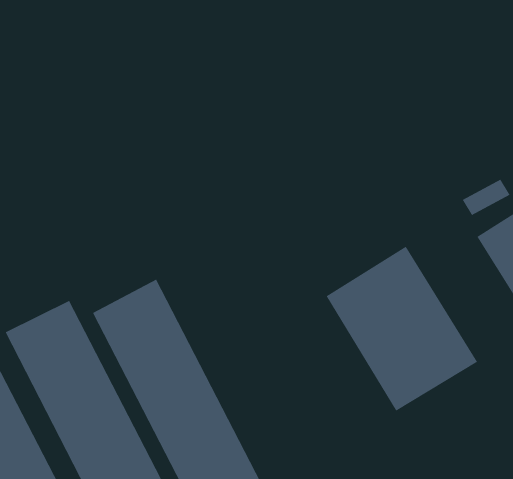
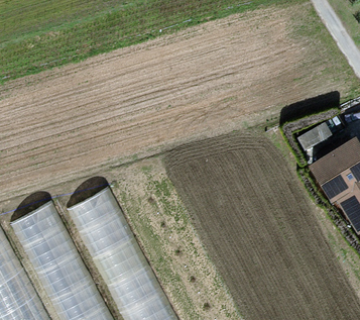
building: [326,246,478,411] -> none

